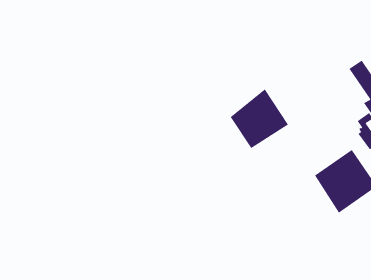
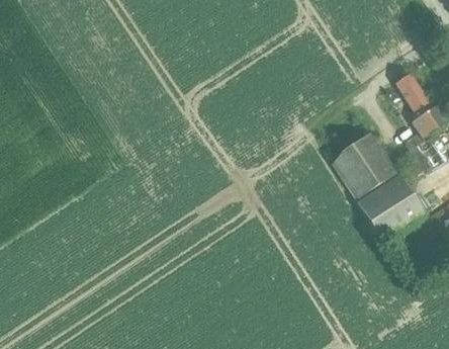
building: [230,88,289,149] -> [333,129,398,197]

